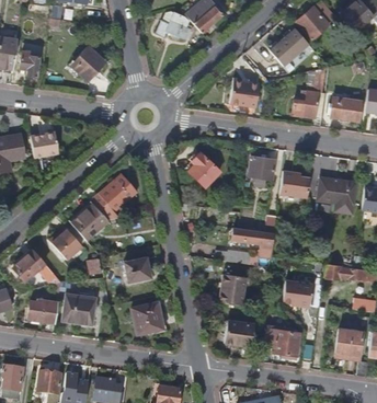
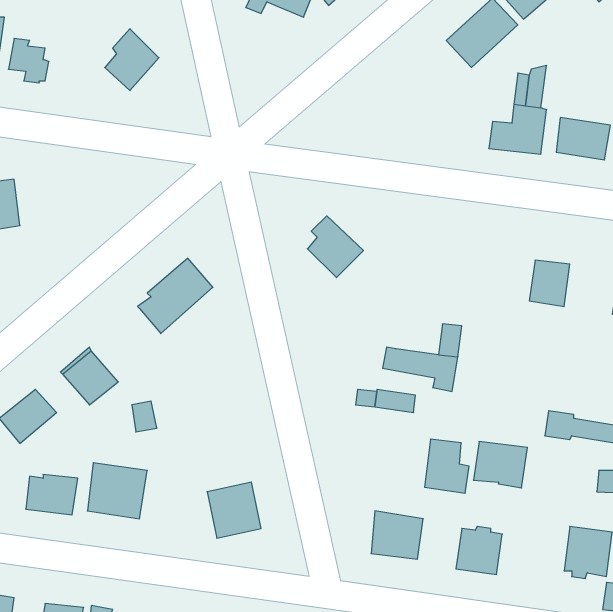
building: [228,79,259,106] -> none
building: [30,133,56,158] -> none
building: [249,156,274,185] -> none
building: [279,170,310,197] -> none
building: [333,180,355,214] -> none
building: [71,205,107,241] -> none
building: [124,257,149,281] -> none
building: [219,274,244,304] -> [425,439,469,493]

